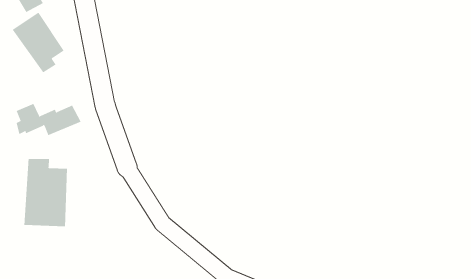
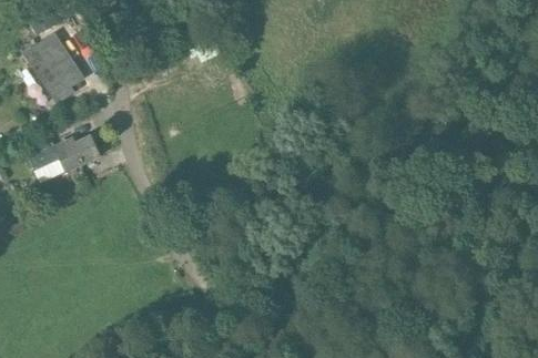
building: [24,158,68,227] -> none

